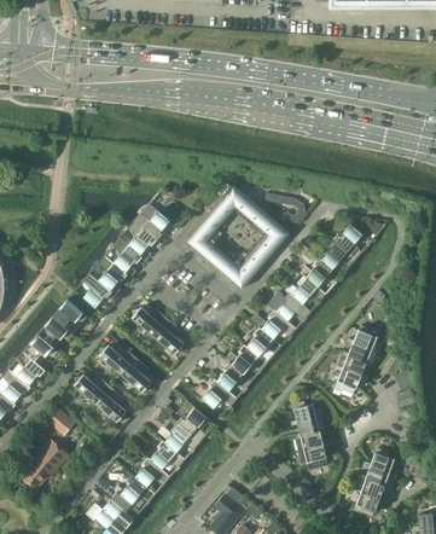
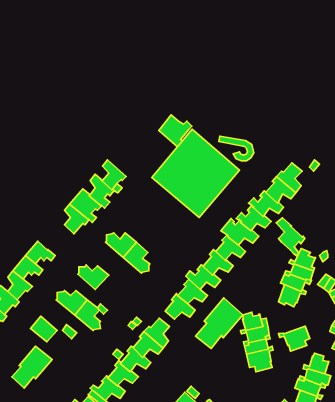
building: [134,203,173,240] -> [159,115,192,147]
building: none -> [276,218,305,256]
building: [52,298,88,333] -> none
building: [120,356,151,393] -> none
building: none -> [195,298,243,348]
building: none -> [279,326,310,351]

